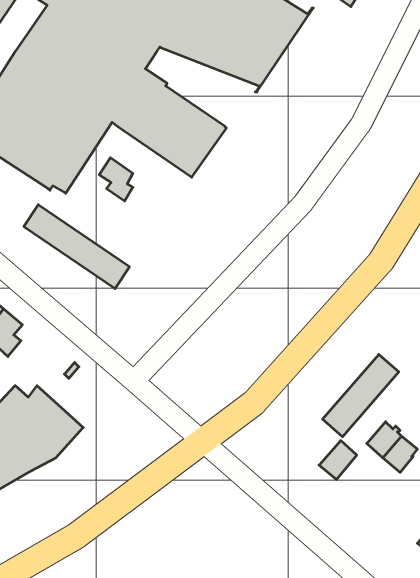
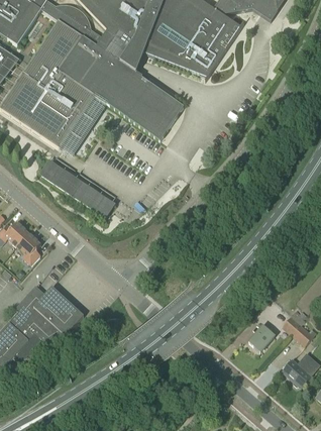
building: [99,158,133,201] -> none
building: [323,354,399,437] -> none
building: none -> [283,359,311,387]

